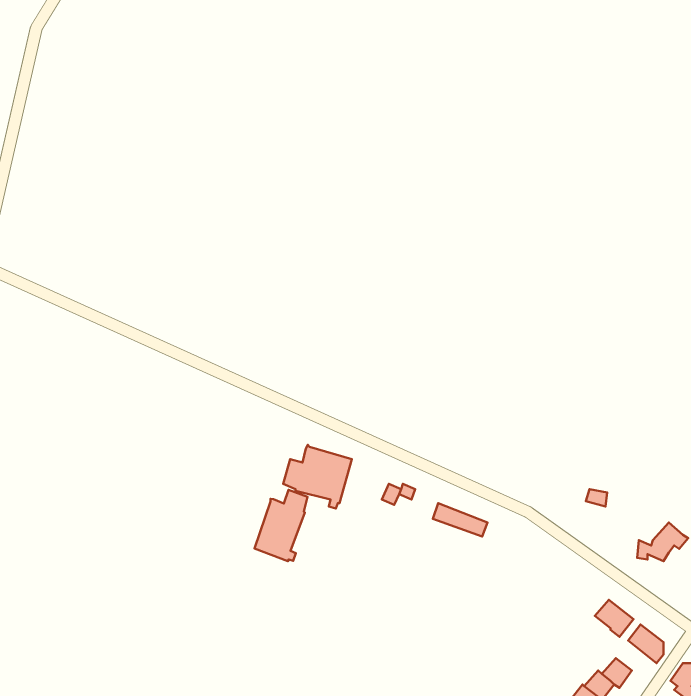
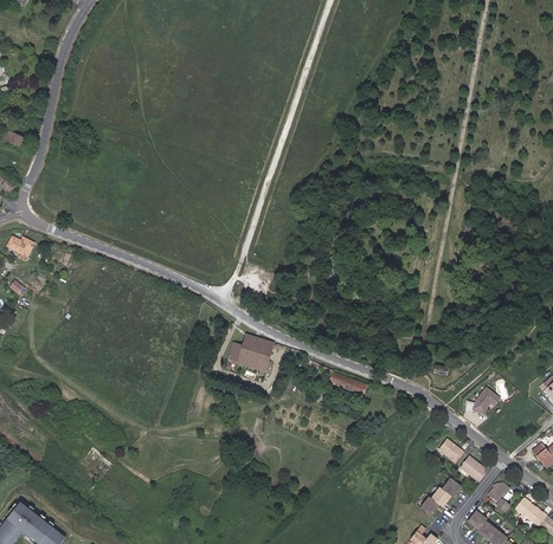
building: [254,490,307,561] -> none

